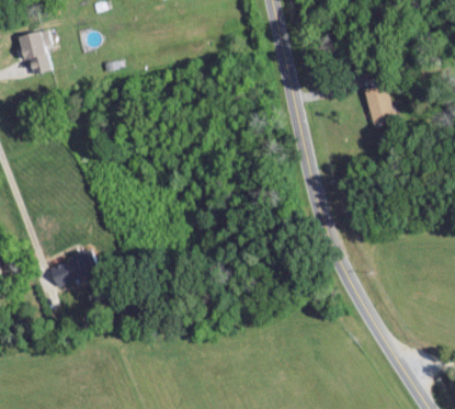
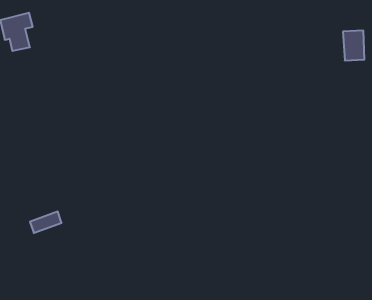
building: [369,87,395,122] -> [343,31,364,60]

